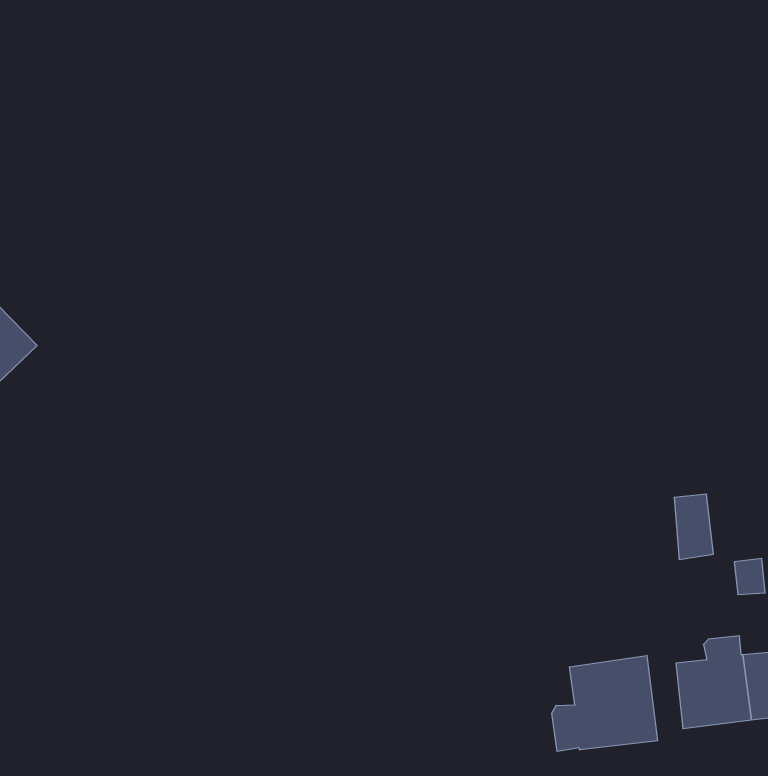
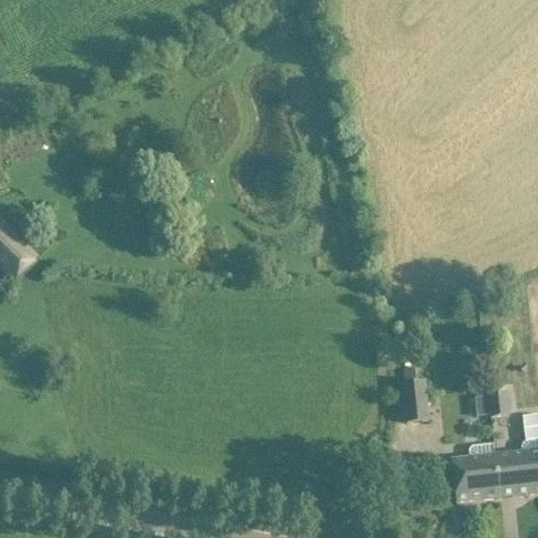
building: [674,494,713,559] -> [403,378,428,420]
building: [552,655,658,751] -> none

